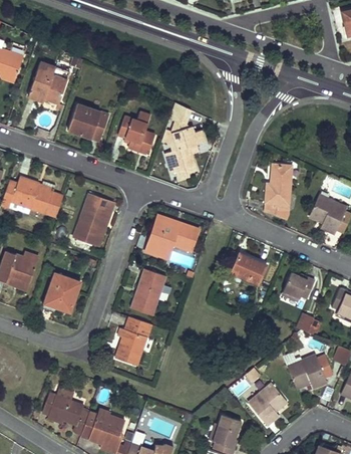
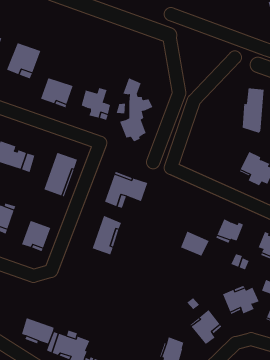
building: [266,162,293,217] -> [242,88,264,133]
building: [230,253,265,284] -> [180,231,209,257]
building: [113,317,149,366] -> none

